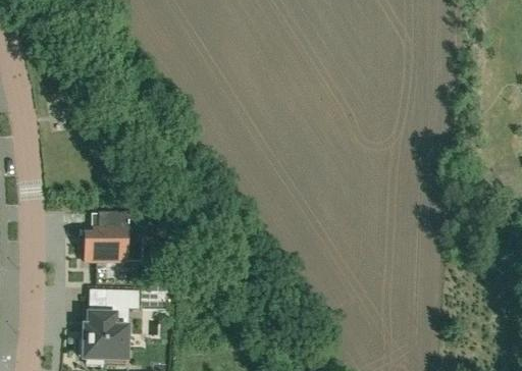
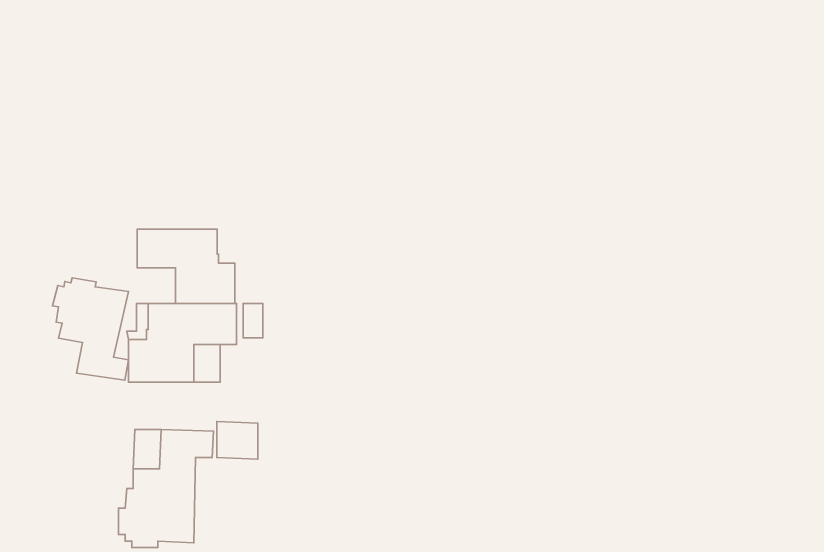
building: none -> [137,229,235,303]
building: none -> [53,278,128,380]

